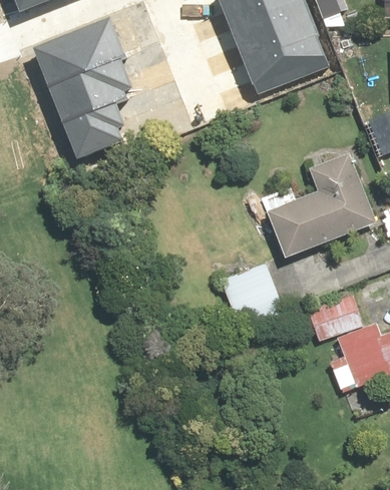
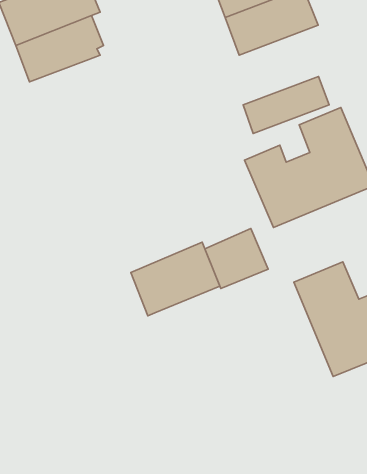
building: [61,101,123,160] -> none
building: none -> [243,77,329,133]
building: none -> [131,242,220,316]

